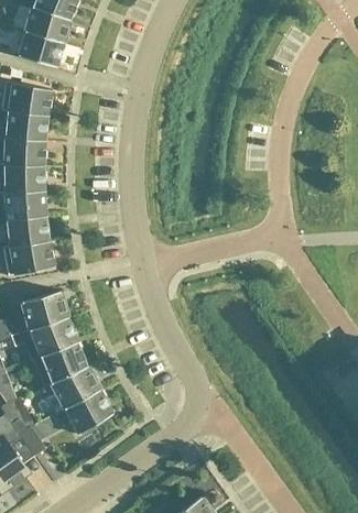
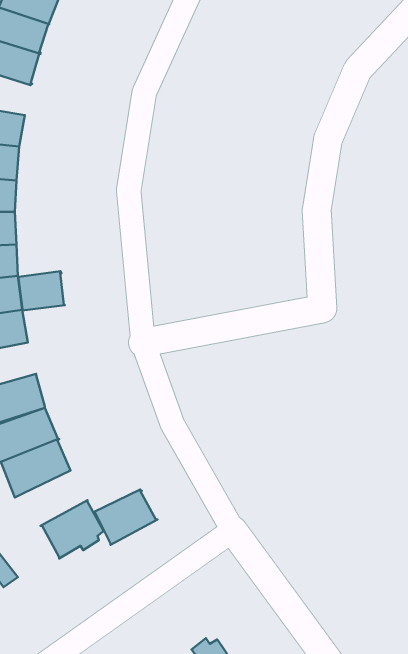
building: none -> [19,271,65,310]
building: [51,365,100,408] -> [93,490,157,545]

